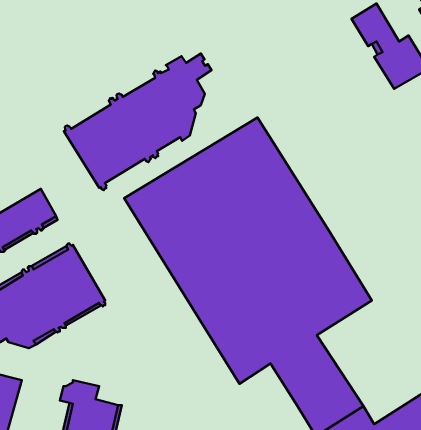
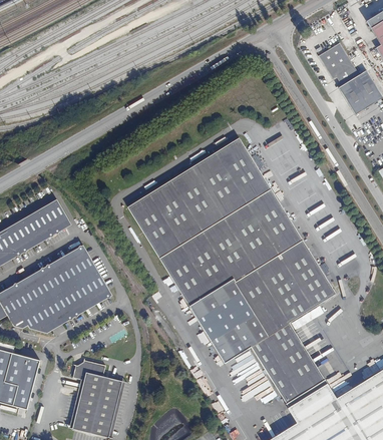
building: [64,53,211,190] -> none

